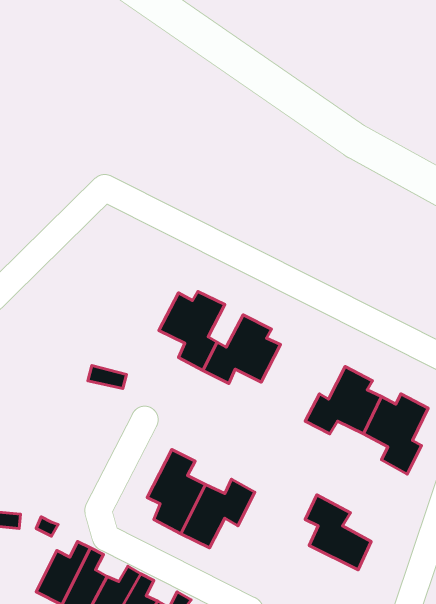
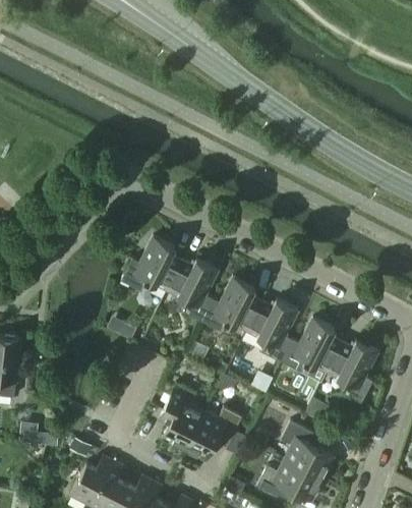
building: none -> [120,236,181,290]
building: none -> [246,298,297,360]
building: none -> [256,458,322,500]

